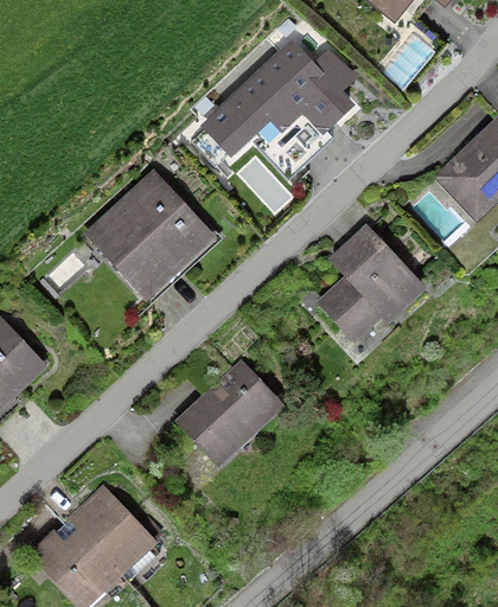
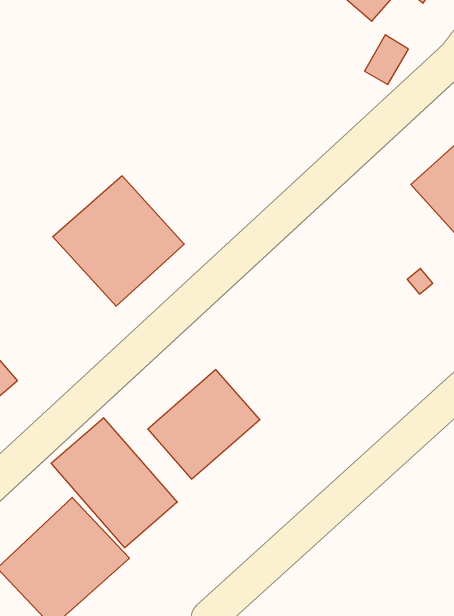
building: [199,39,356,155] -> none
building: [317,225,428,352] -> none
building: none -> [51,418,177,548]

